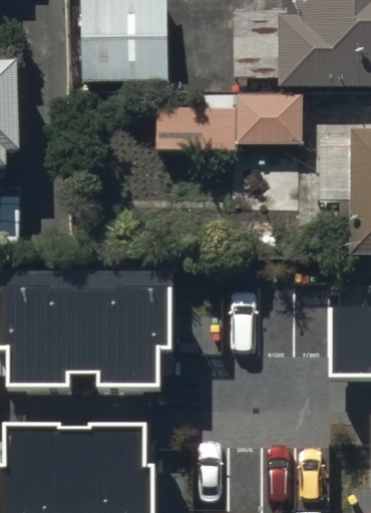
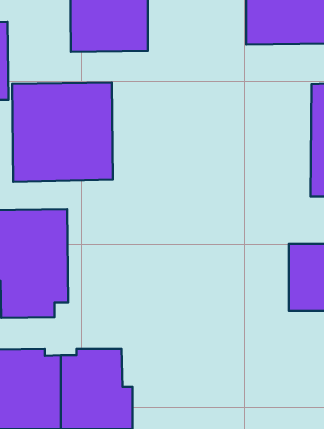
building: [158,94,303,151] -> none
building: none -> [12,83,113,182]
building: [81,268,170,387] -> none

